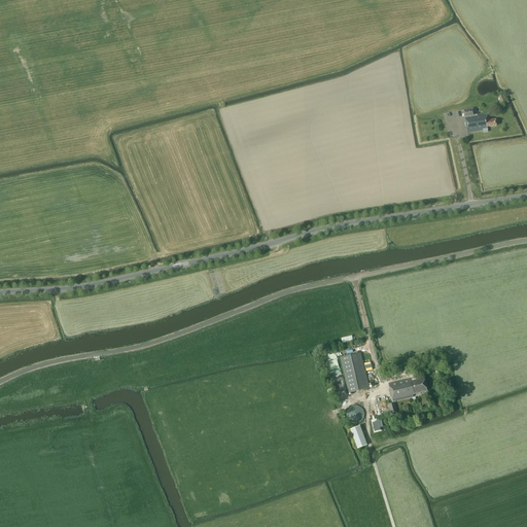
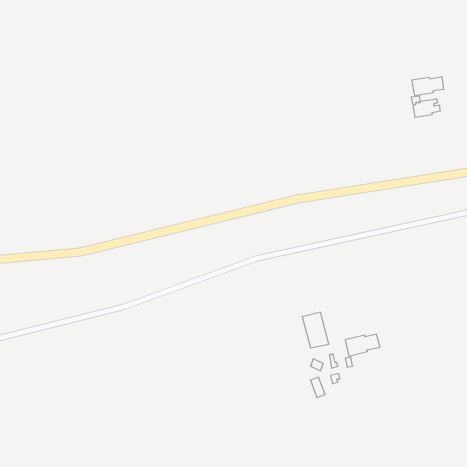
building: none -> [412,77,444,96]

